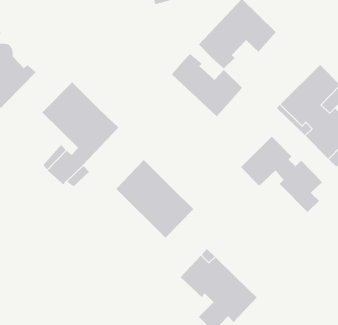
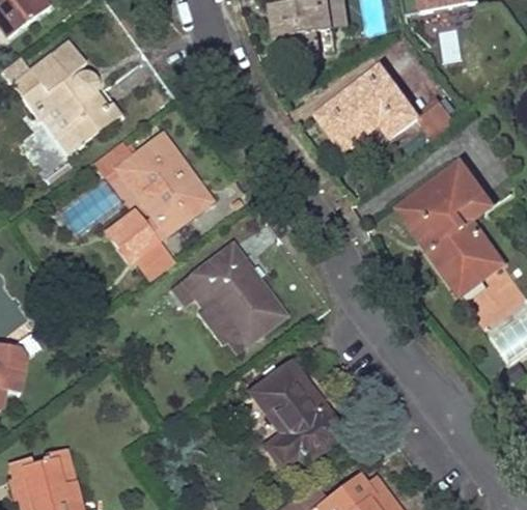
building: [171,53,243,117] -> none
building: [240,136,323,213] -> none
building: none -> [172,274,242,350]

